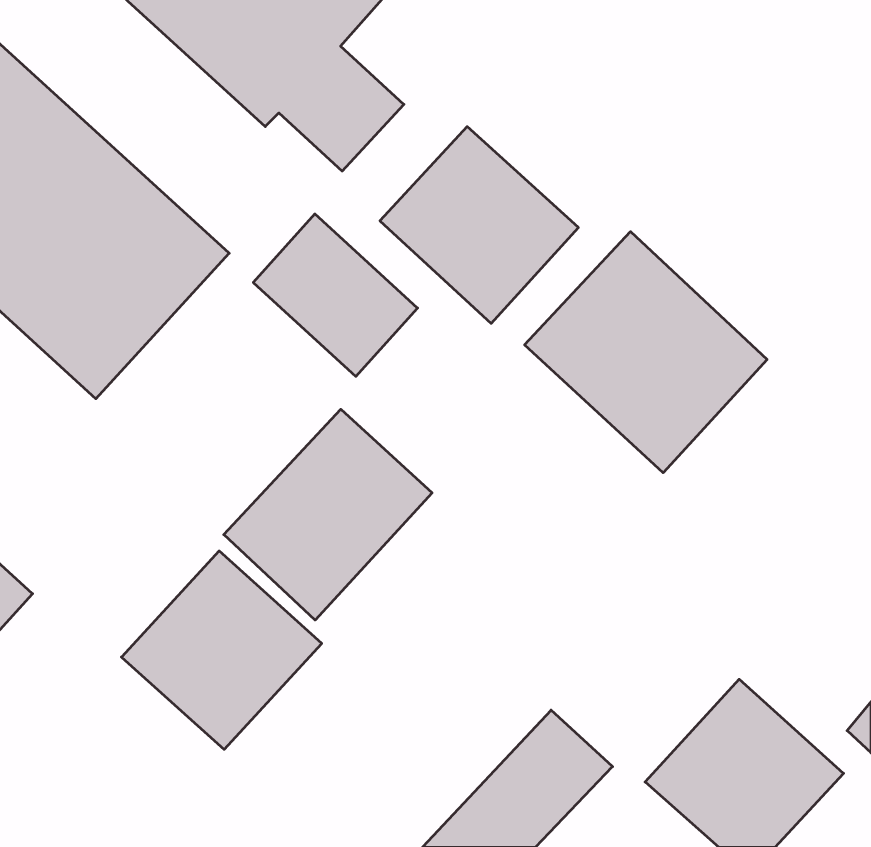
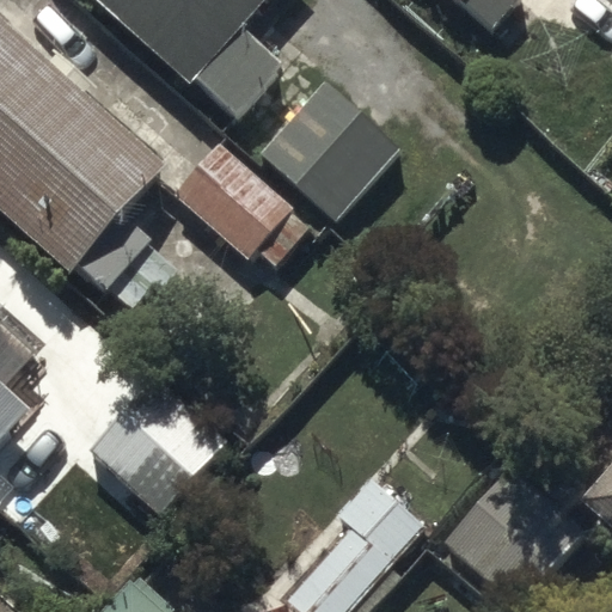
building: [525,232,767,473] -> none
building: [224,409,432,620] -> none

